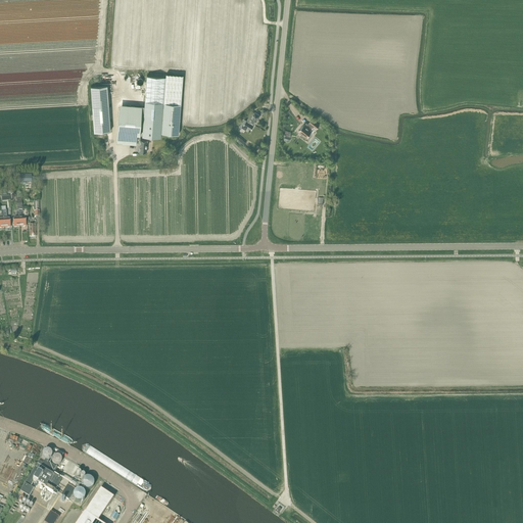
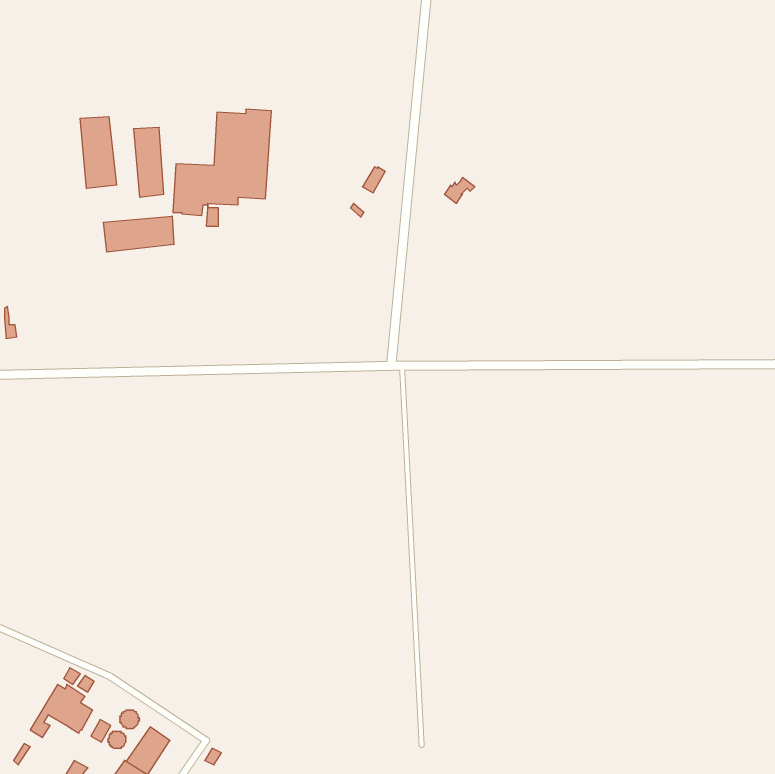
building: none -> [80,117,117,189]
building: none -> [103,216,174,252]

